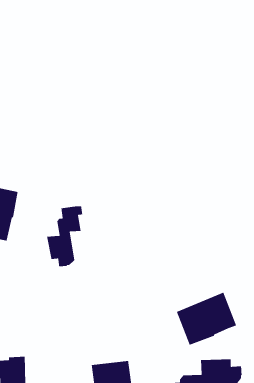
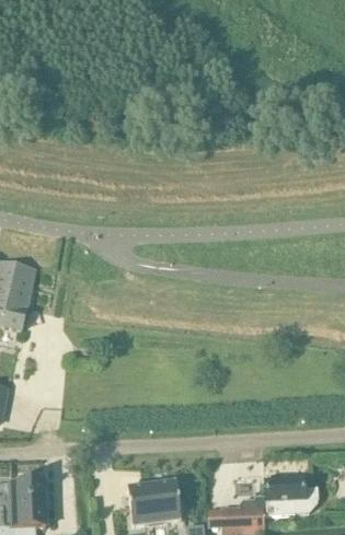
building: [46,206,83,267] -> none
building: [176,292,237,346] -> none

